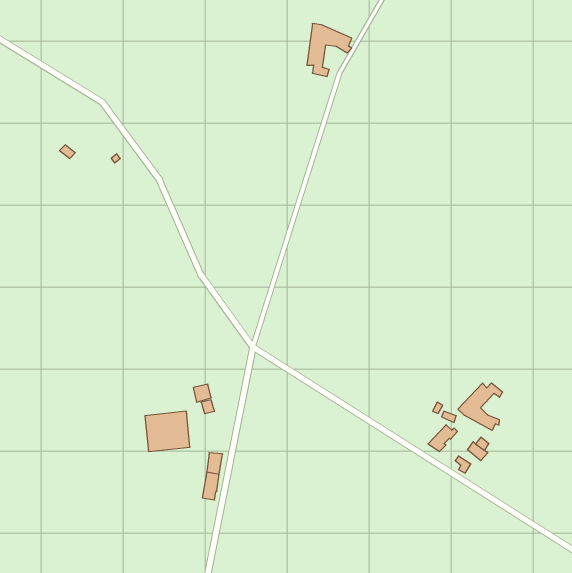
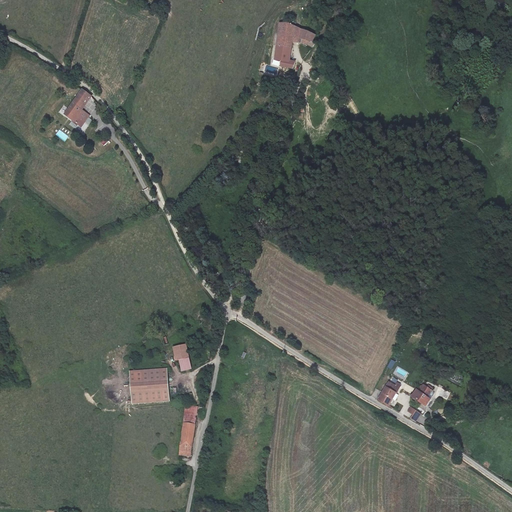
building: none -> [63,90,89,126]
building: [458,383,503,430] -> none

